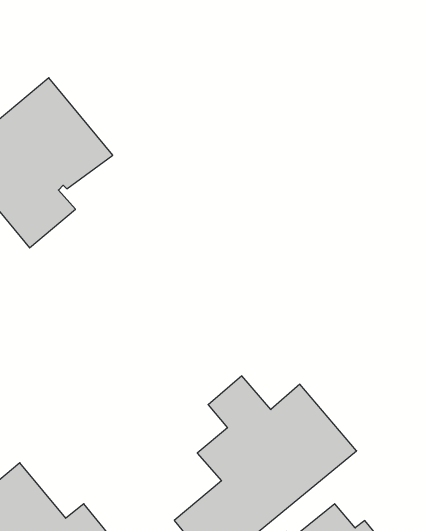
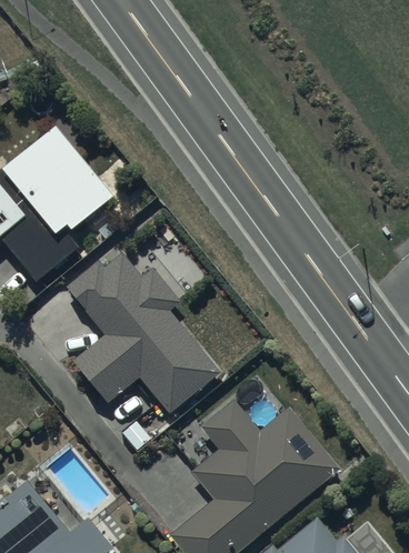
building: none -> [66,251,220,413]

